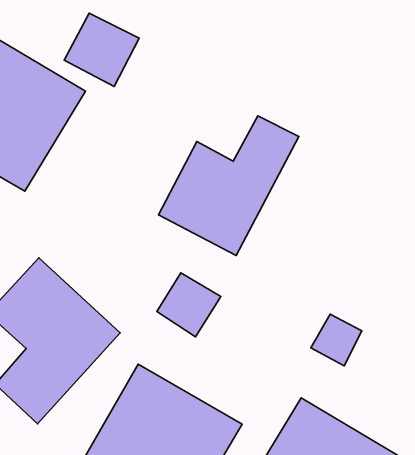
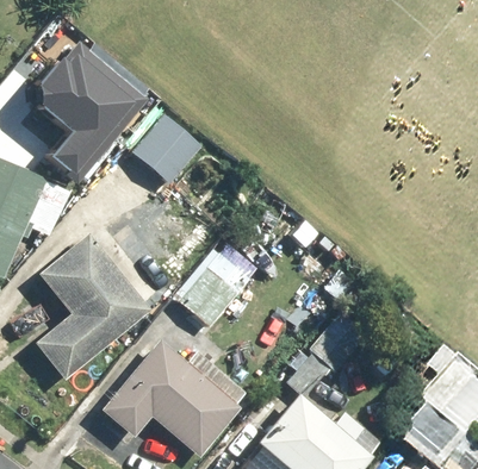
building: [64,13,139,86] -> [135,115,203,182]
building: [159,116,299,255] -> none

